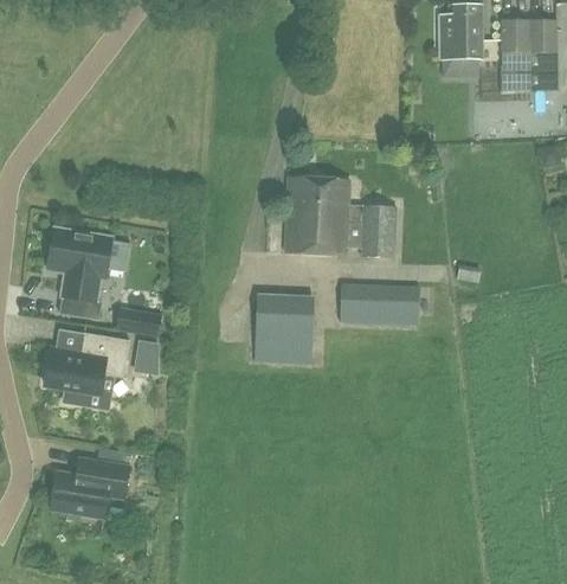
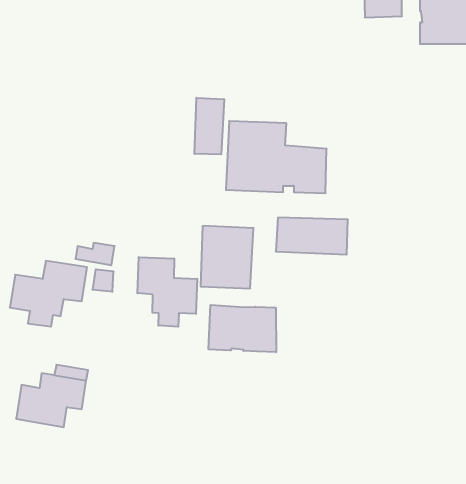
building: none -> [194,98,224,154]
building: [45,229,111,319] -> none
building: none -> [137,257,197,327]
building: none -> [209,305,276,352]

